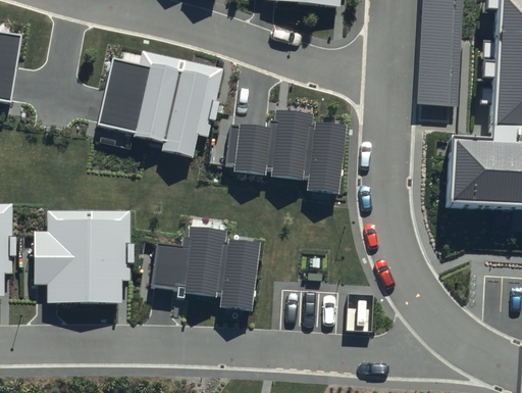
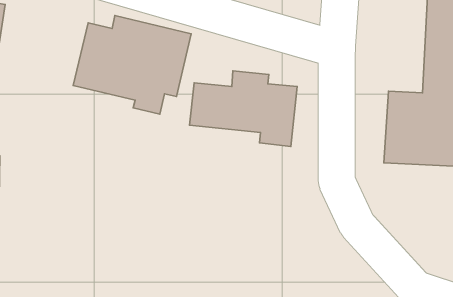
building: [35,209,130,303] -> none
building: [147,226,260,311] -> none

